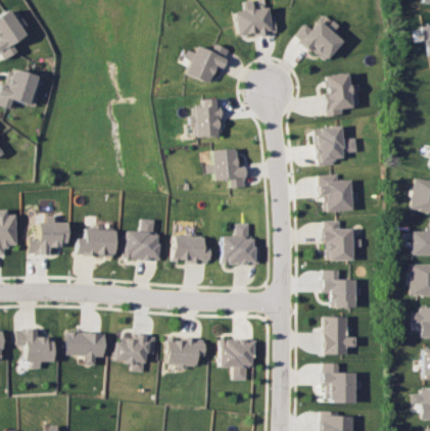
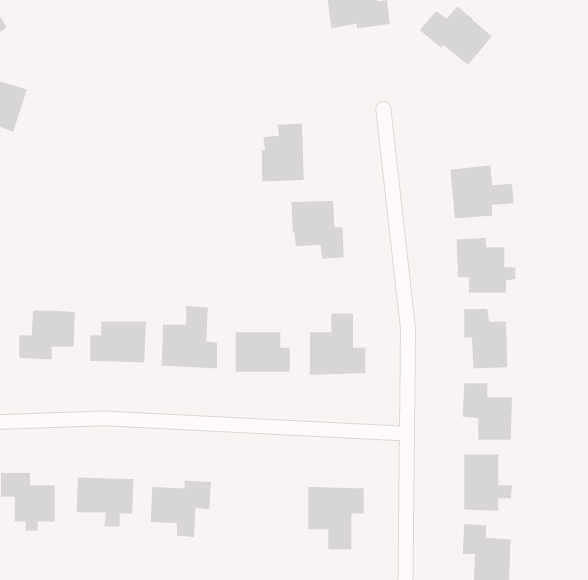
building: [183,44,229,84] -> none
building: [323,73,360,115] -> none
building: [168,338,205,365] -> none

